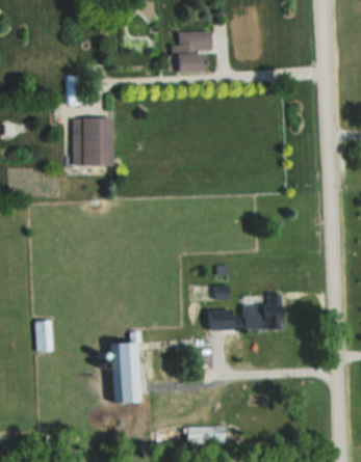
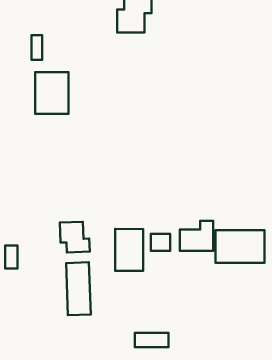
building: none -> [60,222,90,252]
building: none -> [115,229,143,271]
building: none -> [215,230,264,263]

